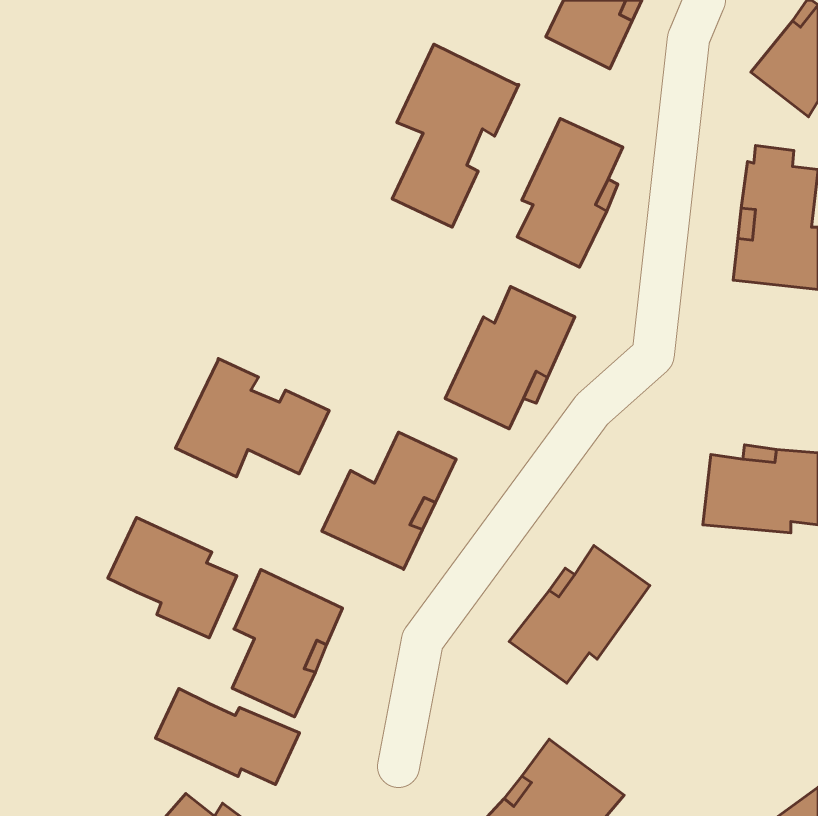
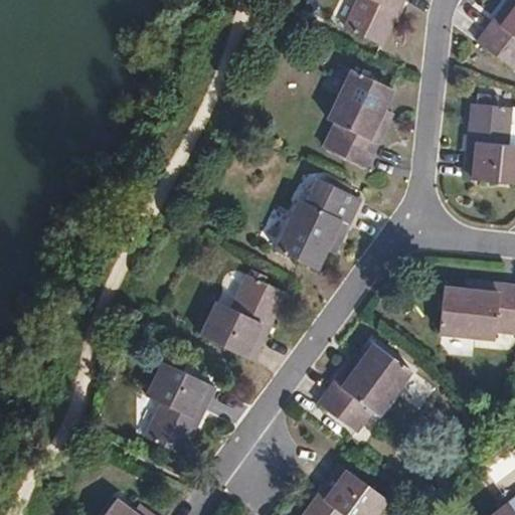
building: [392,44,519,227] -> none
building: [175,358,329,477] -> none
building: [108,517,237,638] -> none
building: [155,688,299,785] -> none

